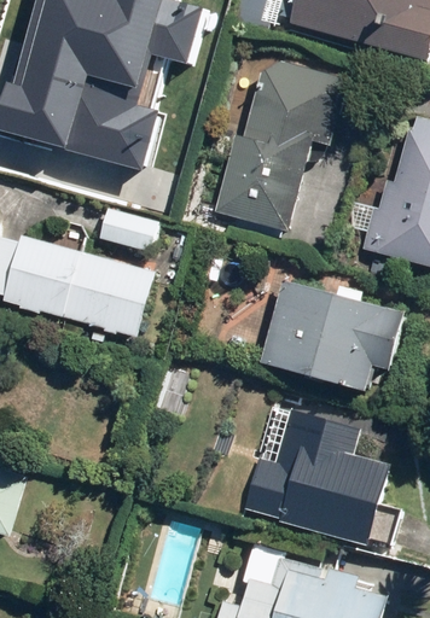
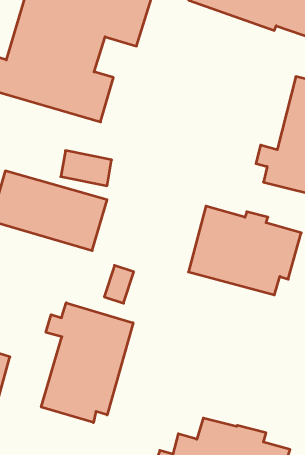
building: [215,54,358,233] -> none
building: [242,403,394,548] -> none
building: none -> [41,303,133,423]

